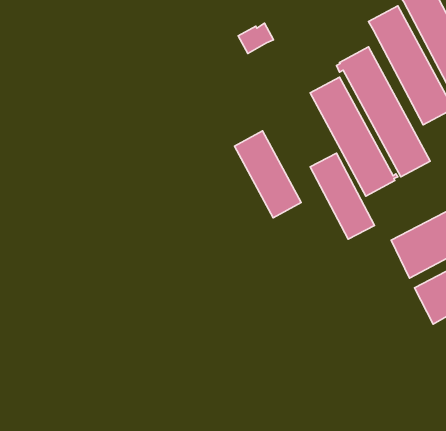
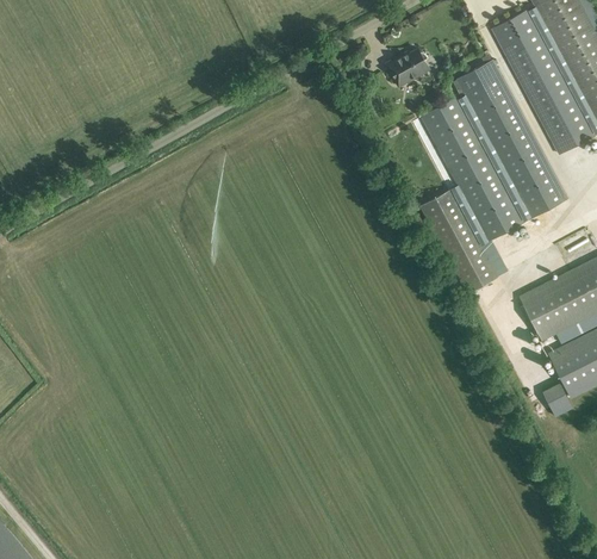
building: [238,23,273,53] -> [386,50,429,87]
building: [235,131,301,218] -> none
building: none -> [542,385,573,420]

